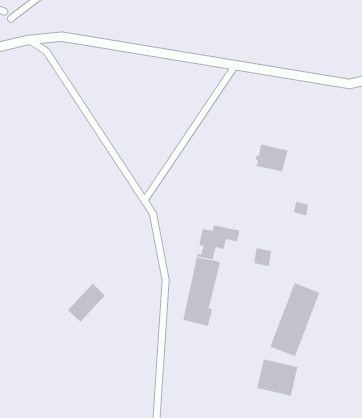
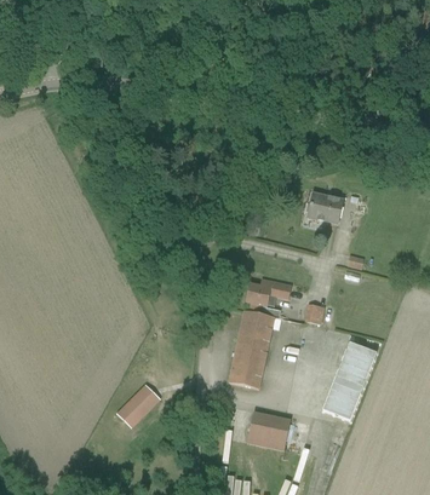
building: [67,283,105,322] -> [117,385,159,427]
building: [256,359,298,396] -> [246,410,291,450]

